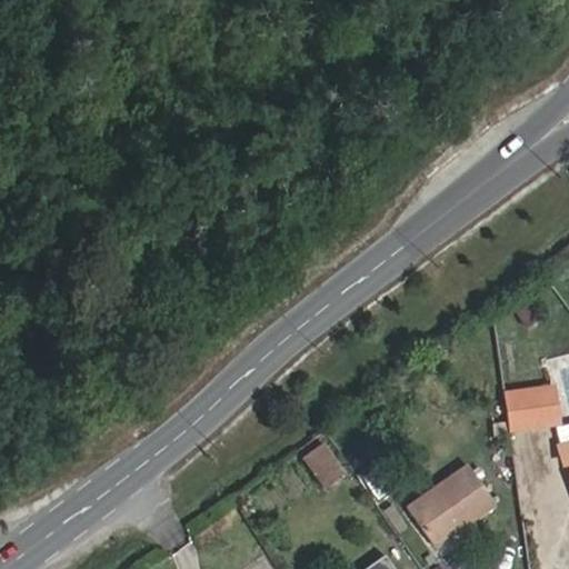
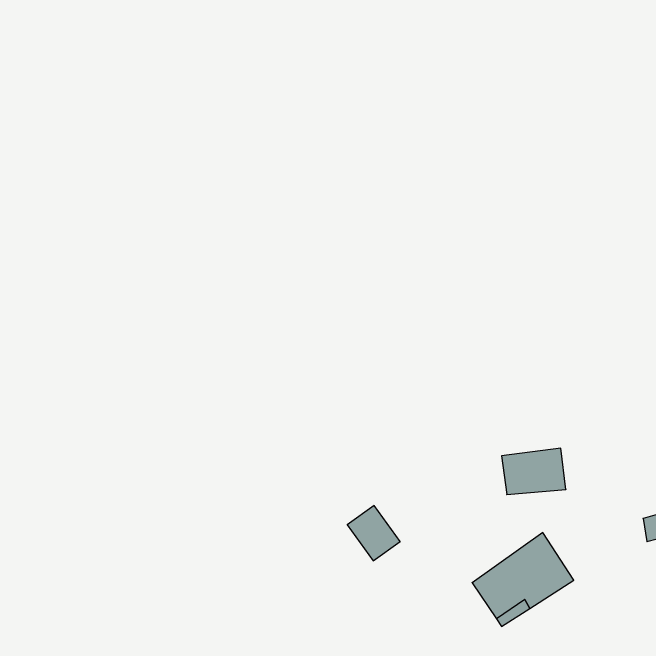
building: [505,390,560,430] -> [502,448,566,495]

